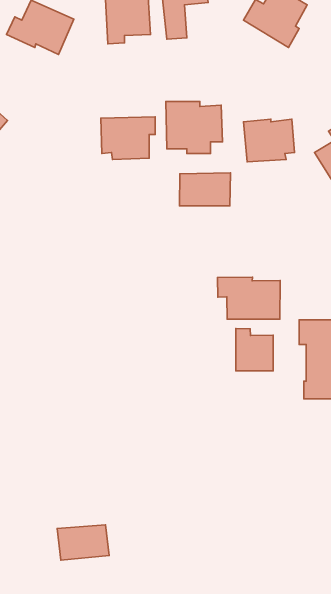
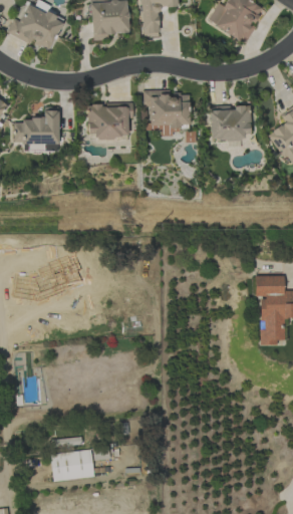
building: none -> [14,110,59,145]
building: [179,173,230,206] -> none
building: [217,277,280,319] -> none
building: [236,329,273,371] -> none

